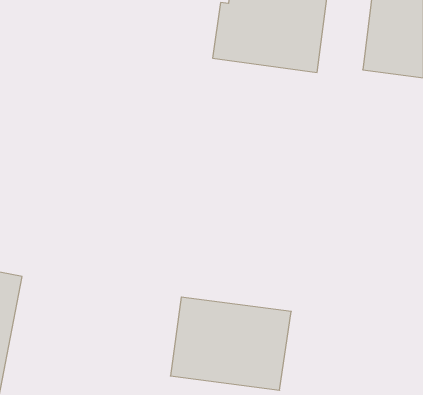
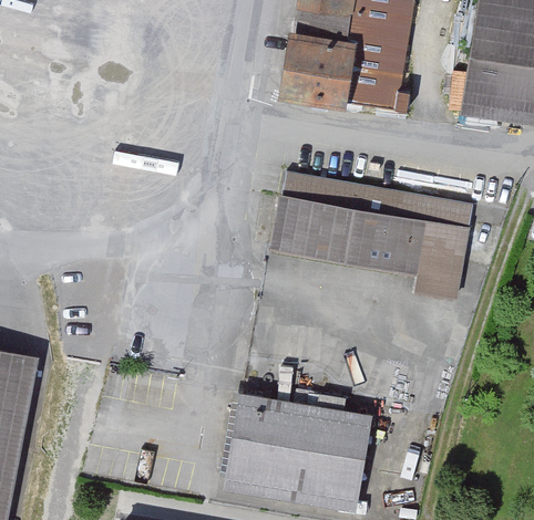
building: none -> [268,171,473,300]

